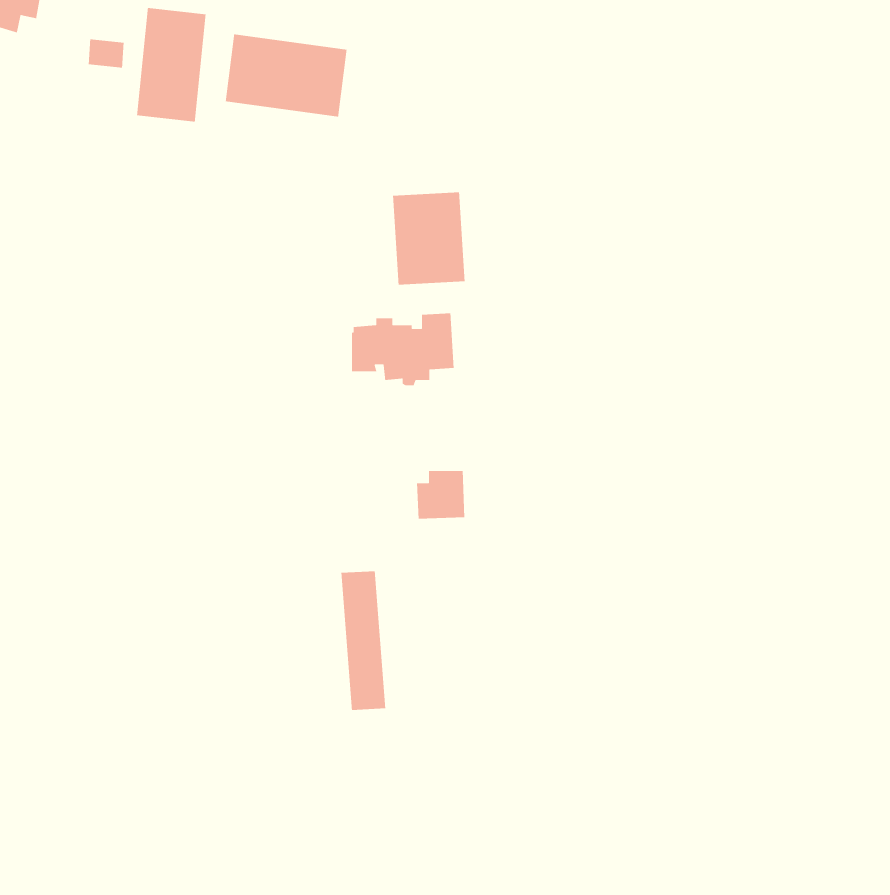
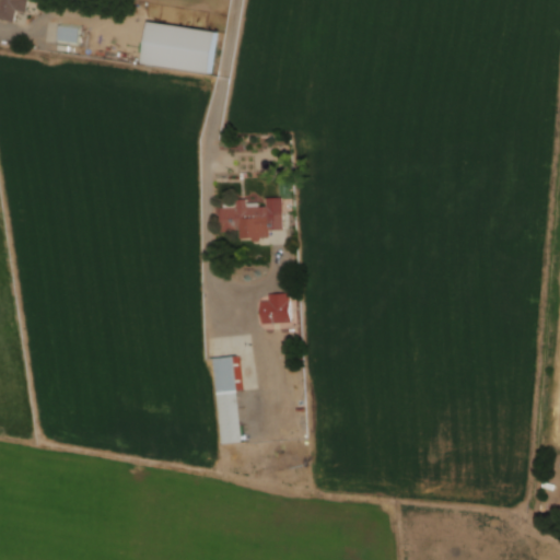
building: [136,7,206,122] -> none
building: [392,192,465,286] -> none

